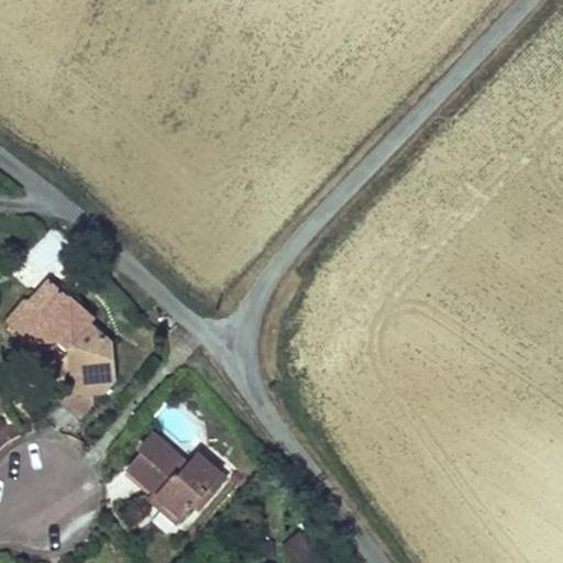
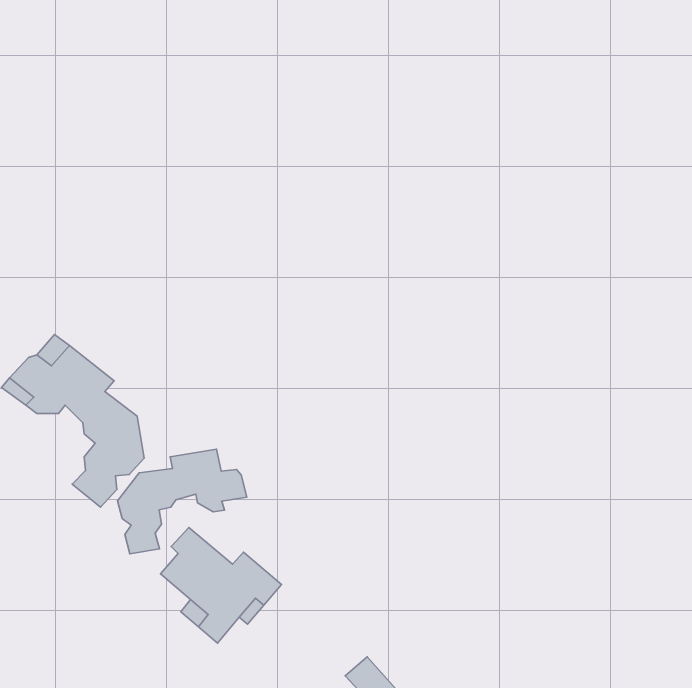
building: none -> [118,449,247,554]

